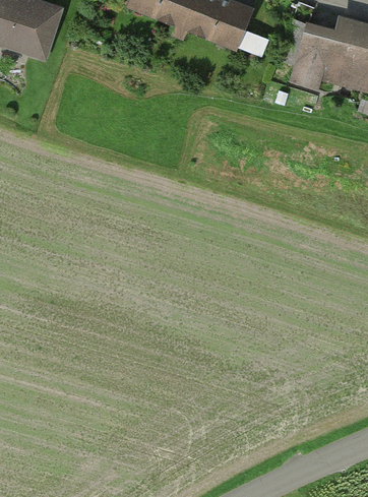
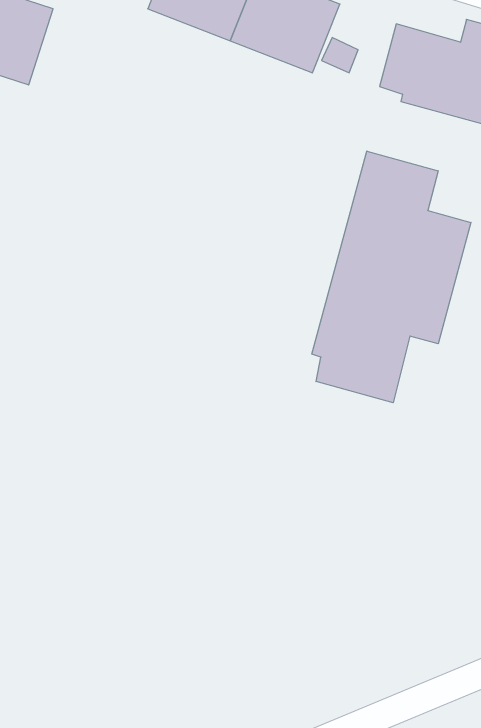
building: none -> [312,151,471,403]

